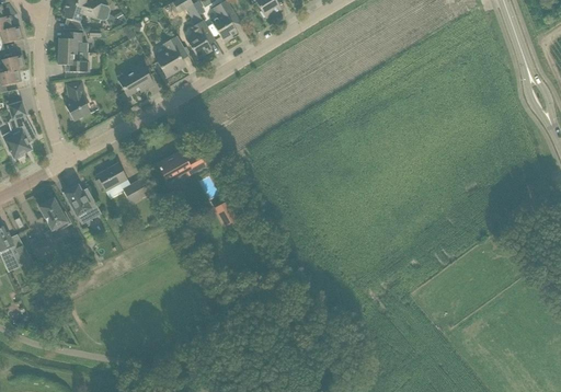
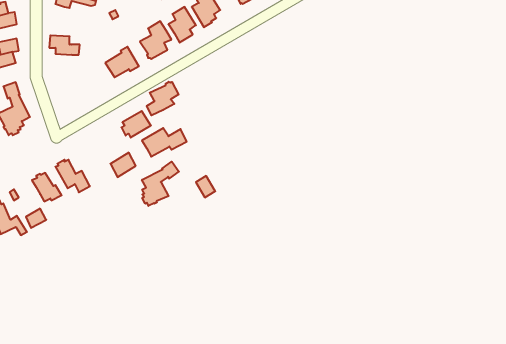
building: [58,31,87,51] -> none
building: [65,81,90,120] -> none
building: none -> [147,82,179,115]
building: [95,162,127,191] -> [121,111,151,138]
building: none -> [142,162,179,206]

